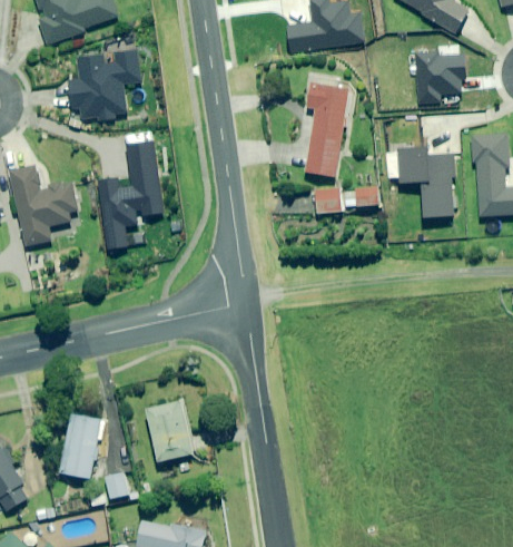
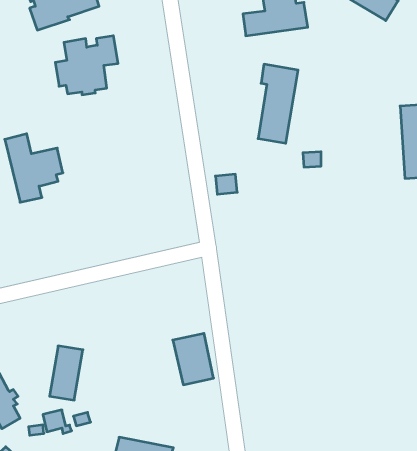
building: [415,50,464,102] -> none
building: [97,141,164,248] -> none
building: [394,146,454,218] -> none
building: [316,189,342,213] -> [215,174,237,194]
building: [147,401,195,461] -> [173,333,214,385]
building: [106,472,139,500] -> [43,410,72,434]

